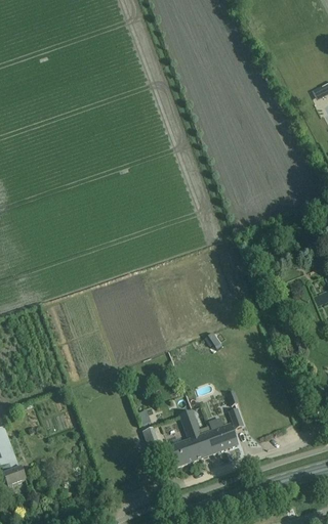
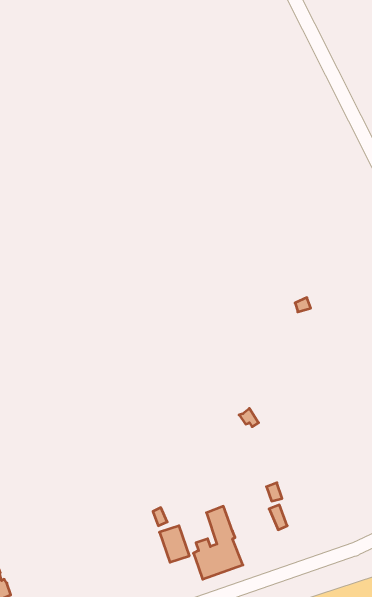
building: [200,423,238,454] -> none

